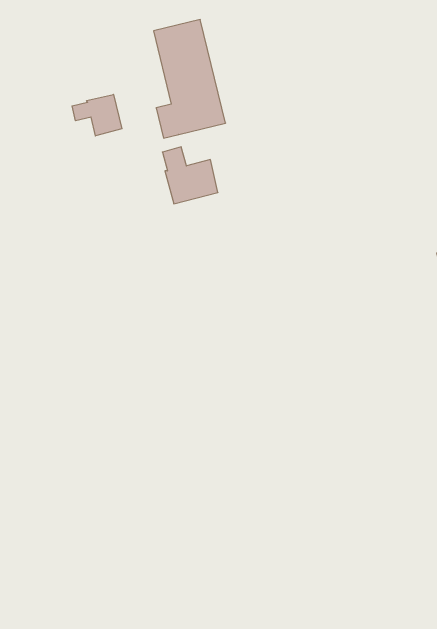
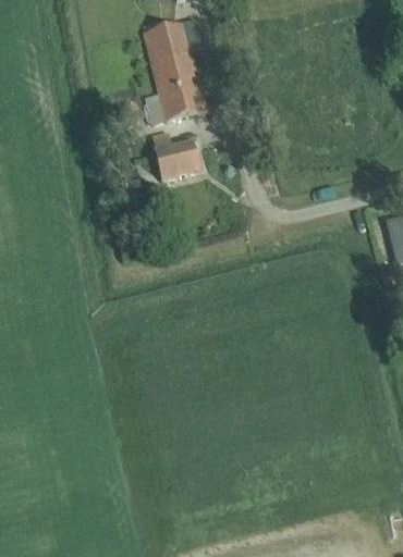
building: [72,94,122,136] -> none

